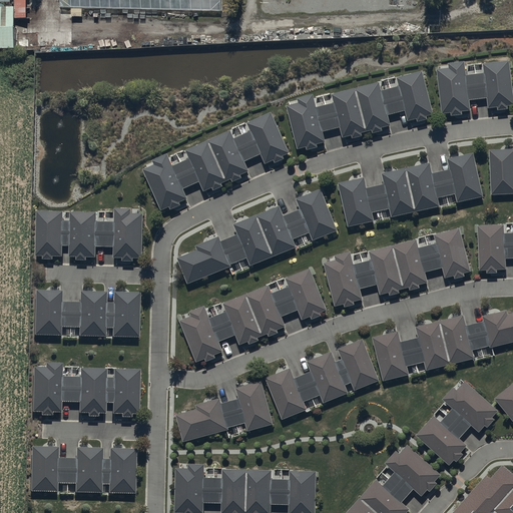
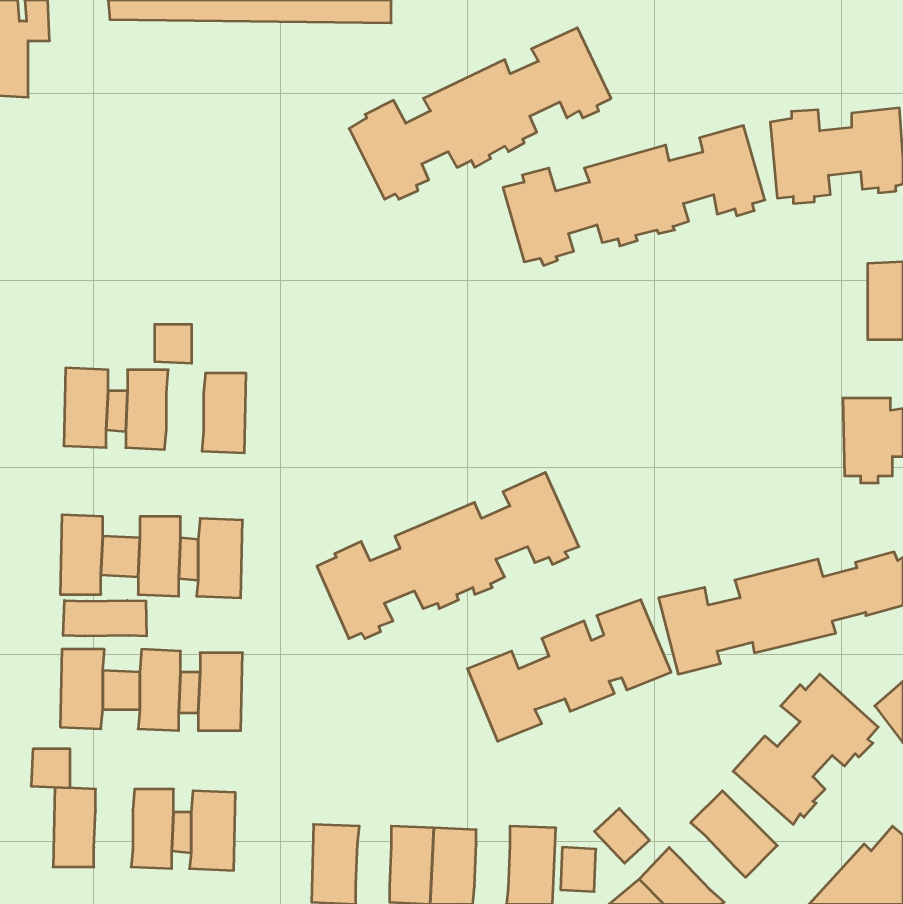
building: [141,111,290,208] -> [349,28,611,199]
building: [338,153,483,227] -> none
building: [176,190,338,285] -> none
building: [94,222,115,244] -> [155,324,192,363]
building: [325,227,469,307] -> none
building: none -> [63,600,147,636]
building: [176,382,273,442] -> none
building: [53,459,75,481] -> [31,749,70,788]
building: [385,473,416,504] -> [594,808,649,863]
building: [201,478,221,502] -> none
building: [269,478,289,503] -> [561,847,596,892]

